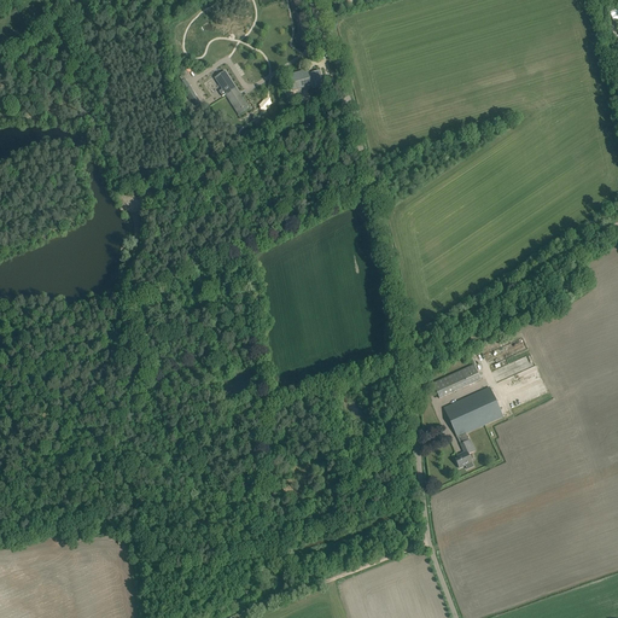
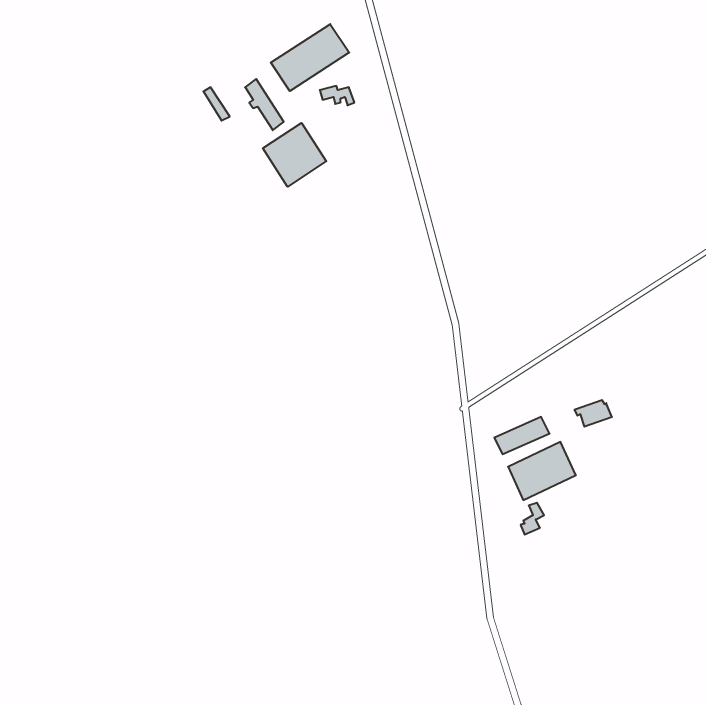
building: none -> [271,24,349,91]
building: none -> [263,123,326,187]

